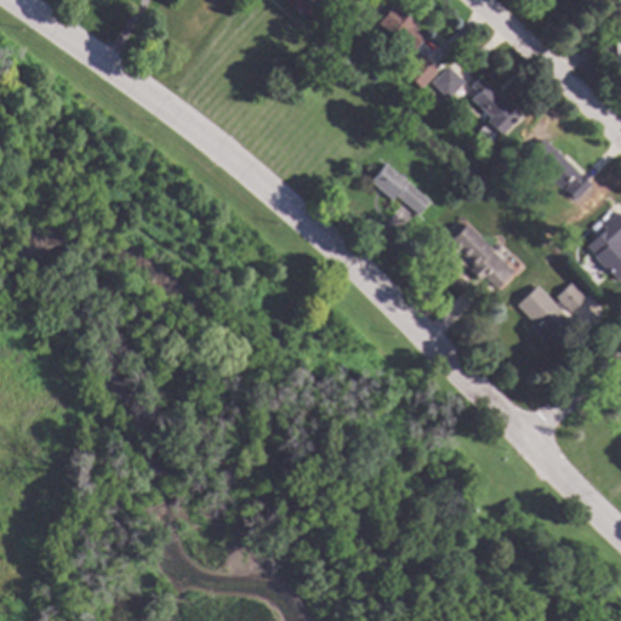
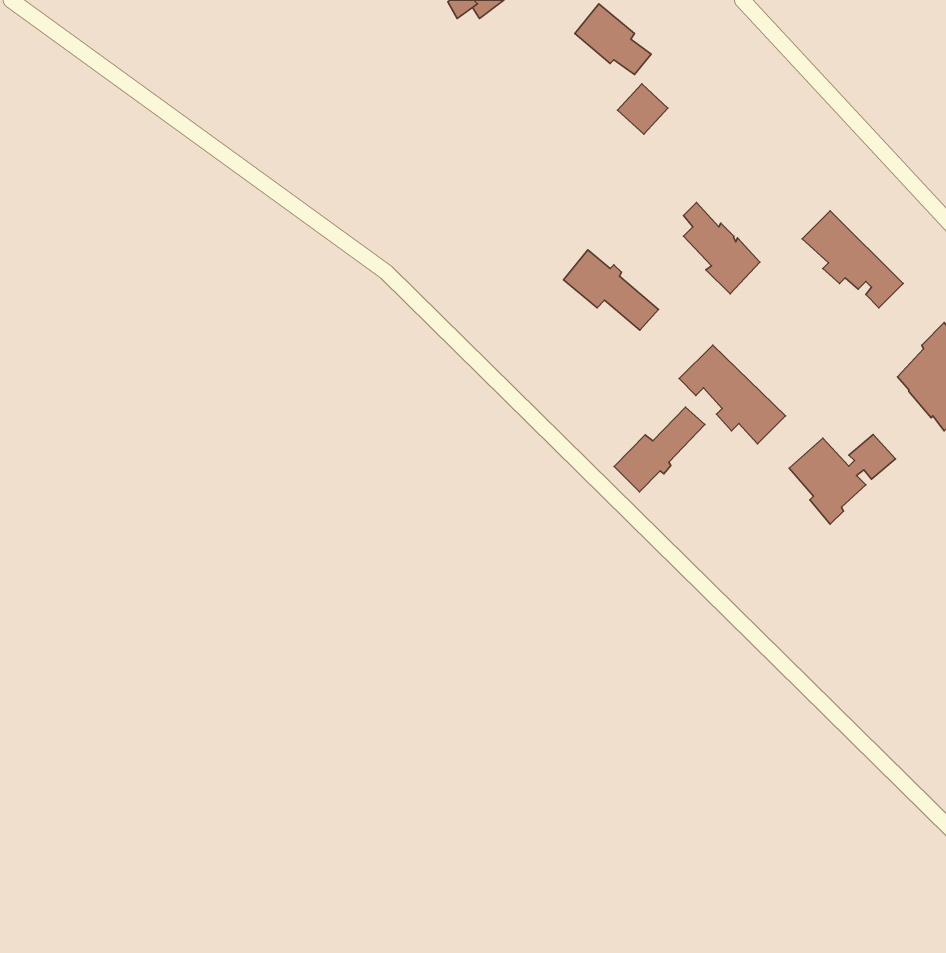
building: [433,65,467,99] -> none
building: [473,76,523,136] -> [683,203,760,294]
building: none -> [614,407,705,492]

